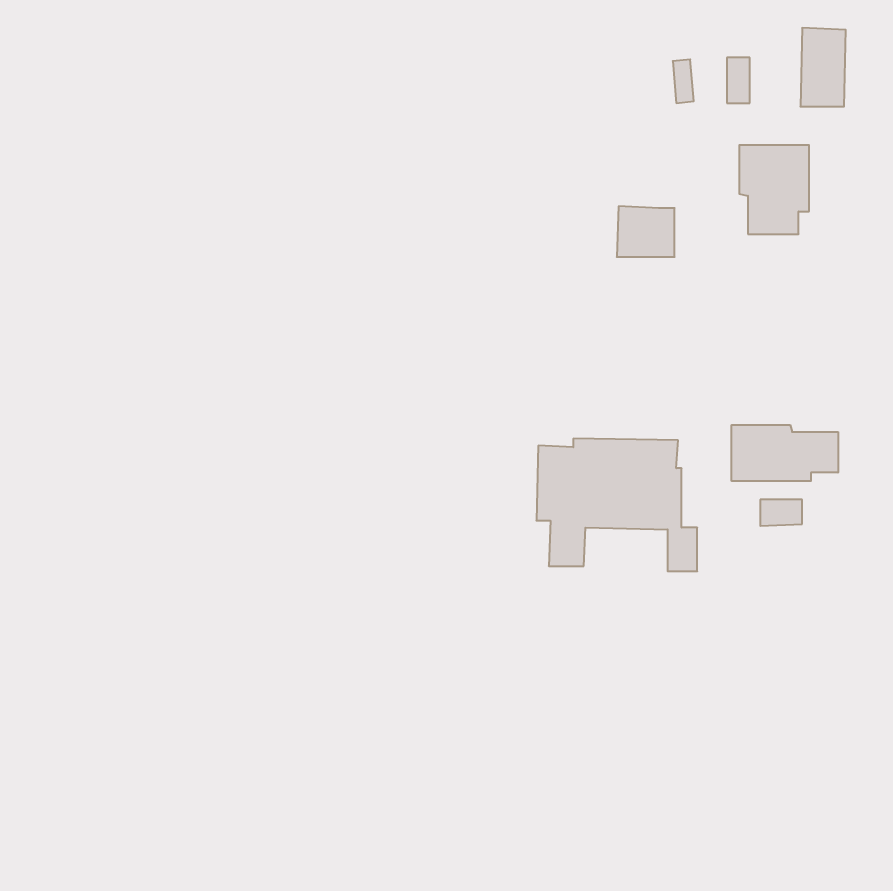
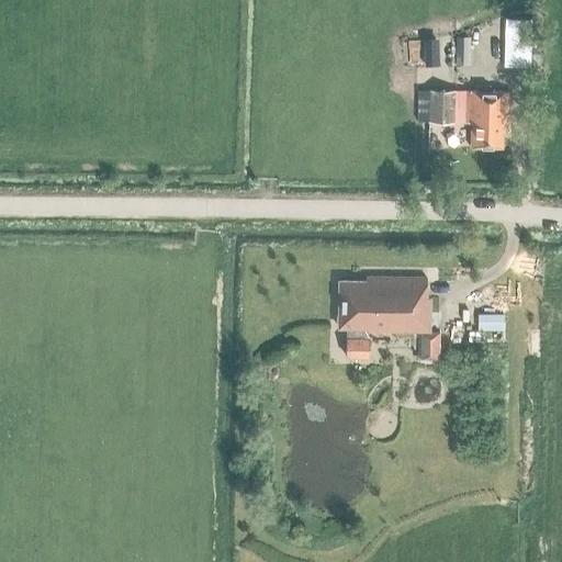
building: [617,206,675,257] -> [428,90,464,122]
building: [732,425,838,481] -> none

